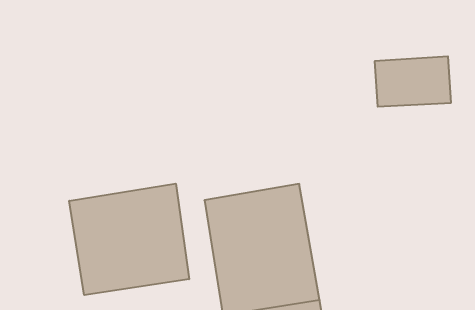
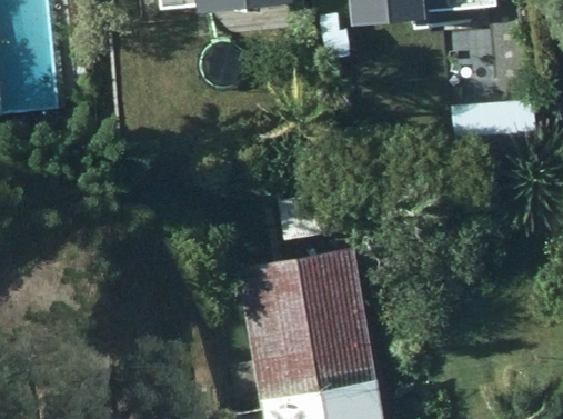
building: [69,184,189,295] -> none

